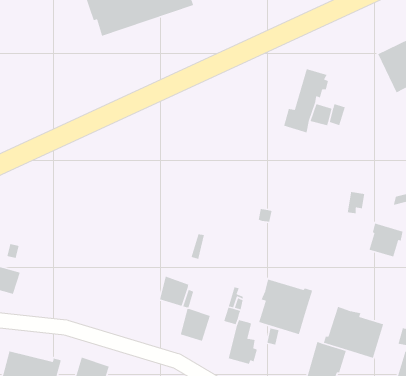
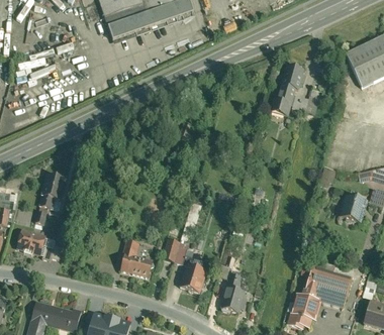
building: none -> [38,174,65,209]
building: none -> [120,239,154,278]
building: [258,278,313,335] -> none

